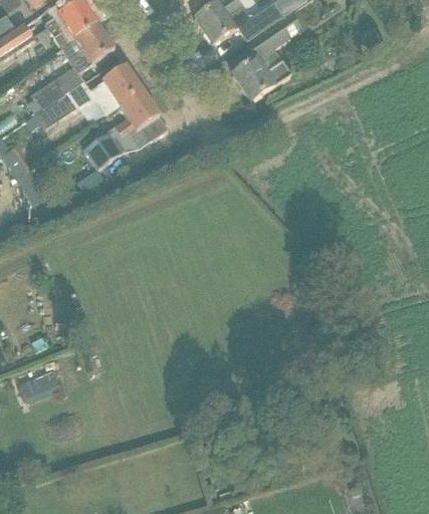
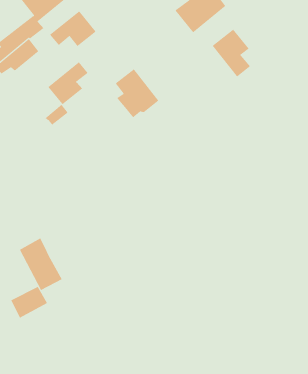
building: [121,89,169,145] -> [115,68,159,118]
building: none -> [212,29,251,78]
building: none -> [19,238,63,291]

